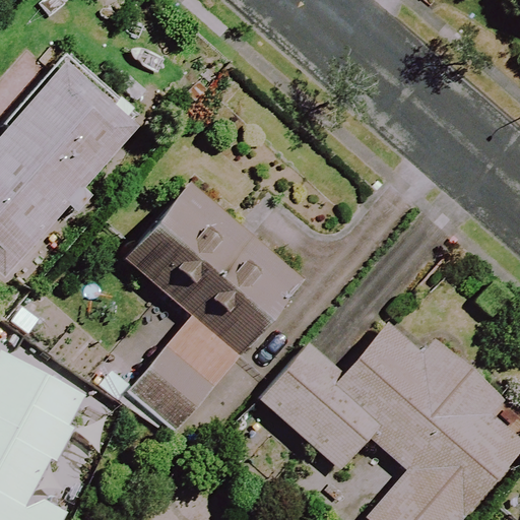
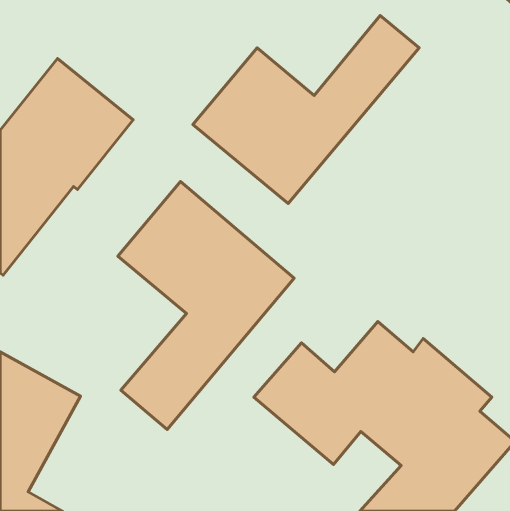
building: none -> [193,16,419,204]

